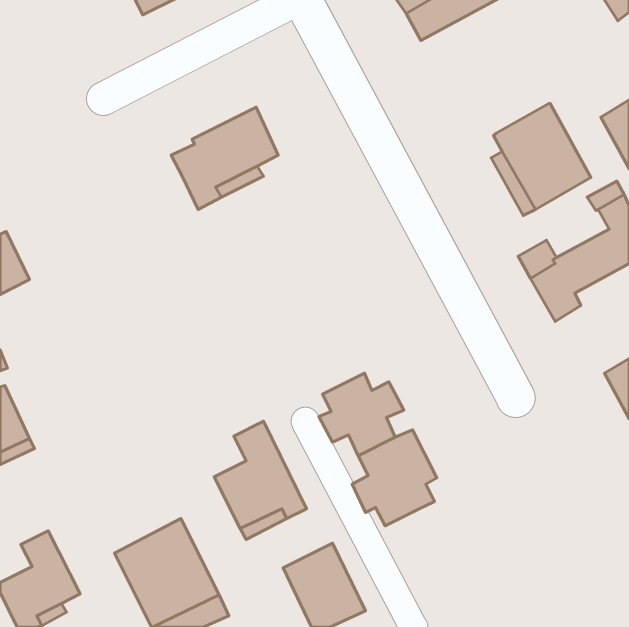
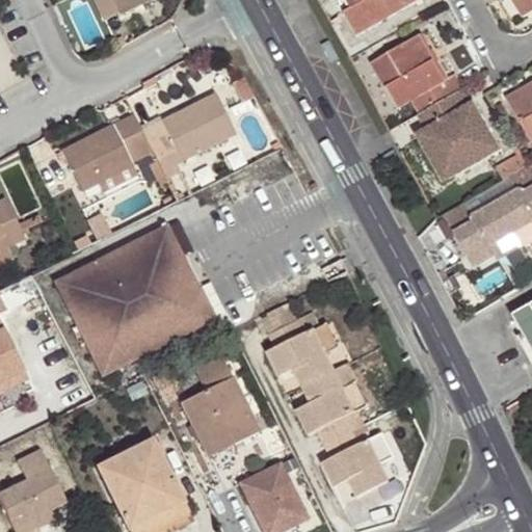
building: none -> [371,36,463,112]
building: none -> [62,111,154,189]
building: none -> [55,219,219,374]
building: none -> [323,430,393,495]

